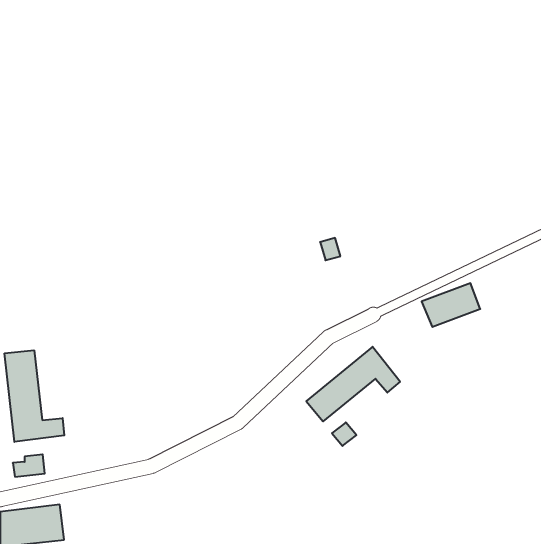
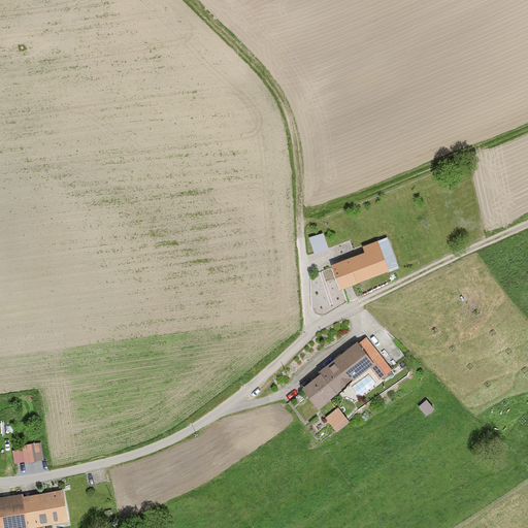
building: [422,283,480,327] -> [329,250,386,292]
building: [5,350,64,442] -> none

